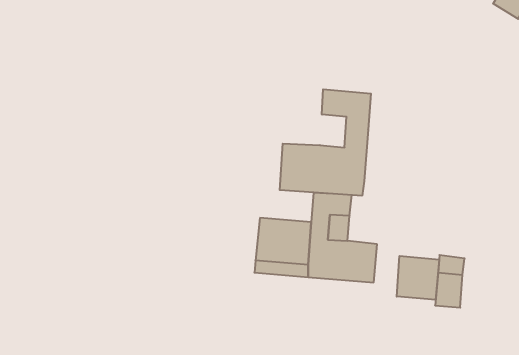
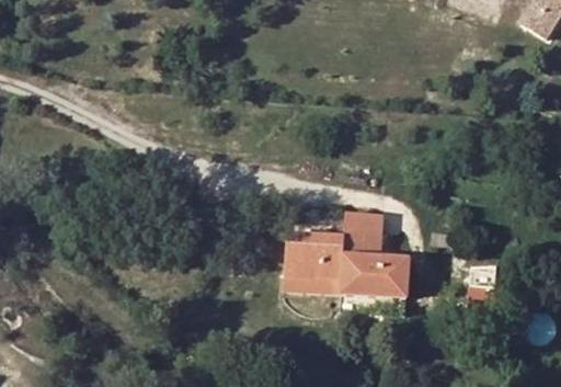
building: [280,89,371,196] -> none
building: [397,256,439,300] -> none

